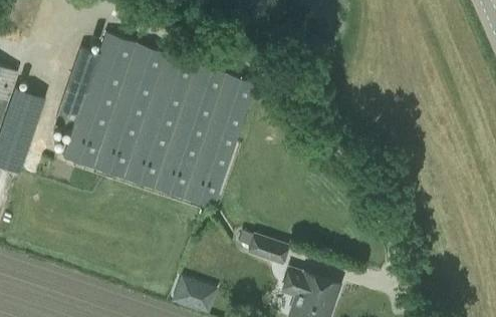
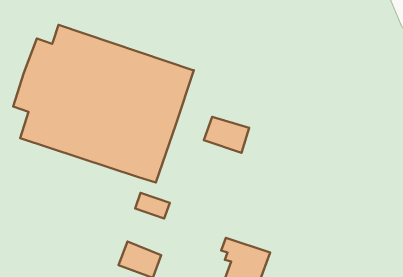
building: none -> [204,117,249,153]
building: [249,234,287,262] -> [135,193,170,218]

